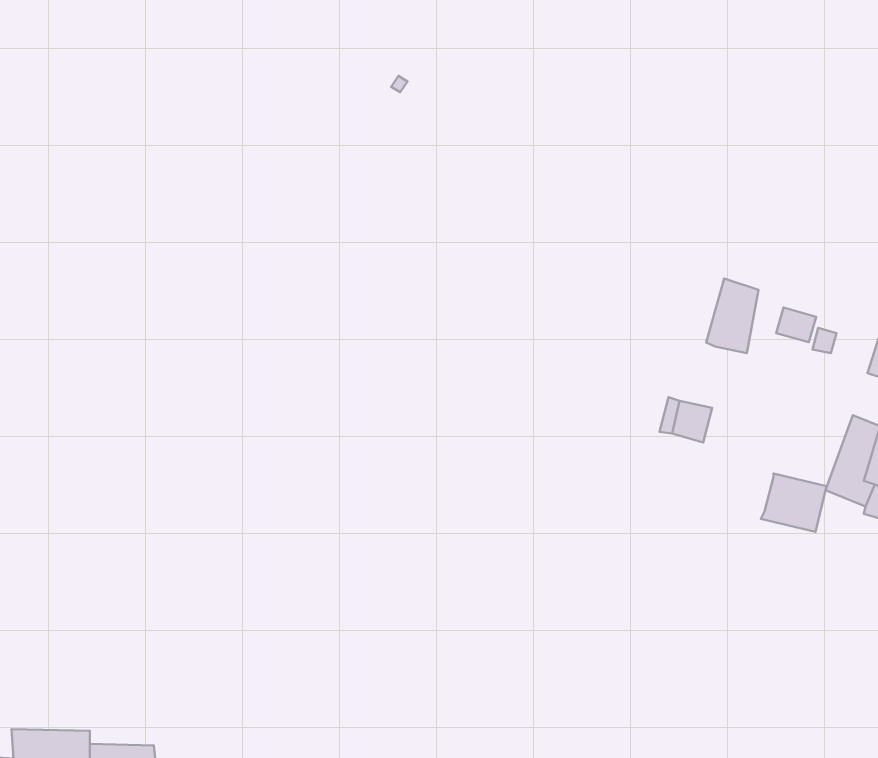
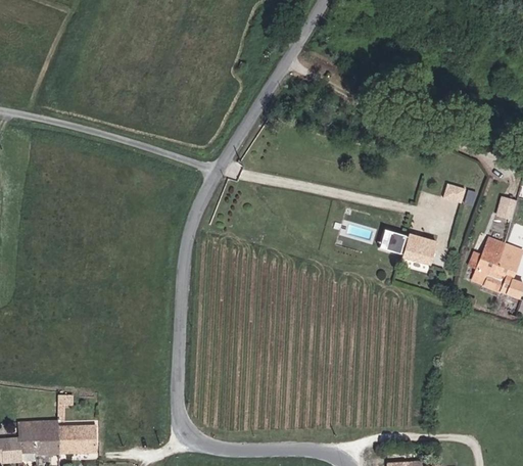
building: [706,278,759,353] -> none
building: [761,473,826,532] -> [401,234,438,267]

